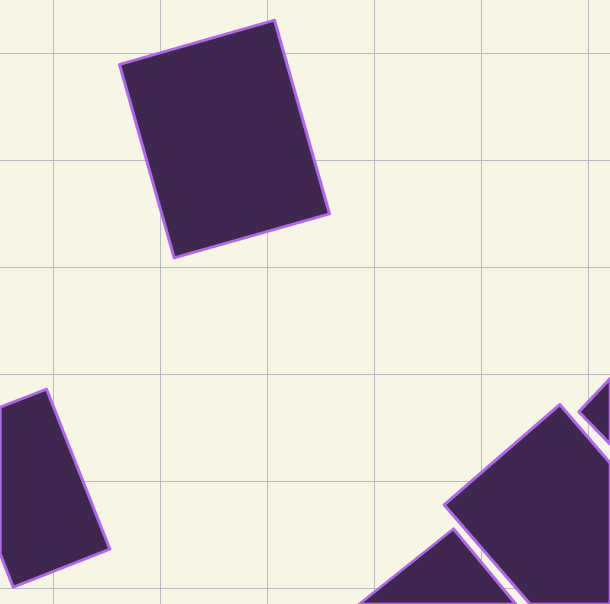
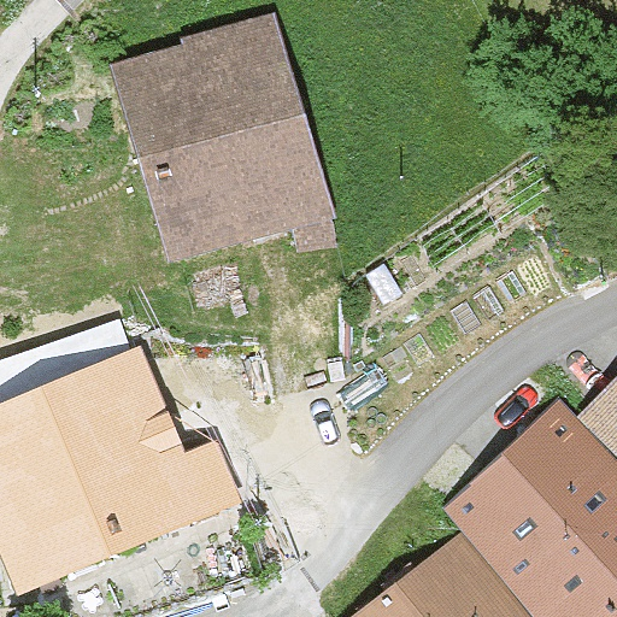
building: none -> [47,323,241,554]

